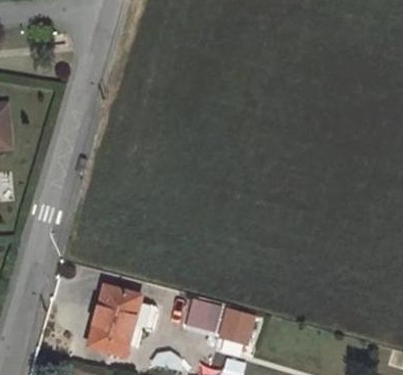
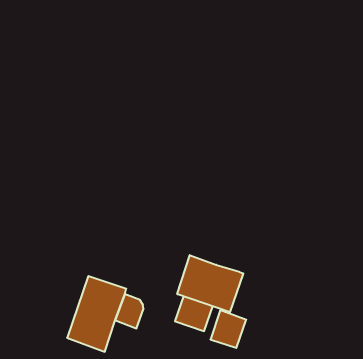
building: none -> [177,255,243,312]

